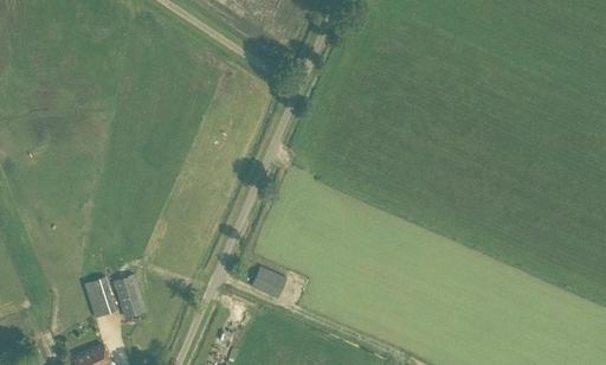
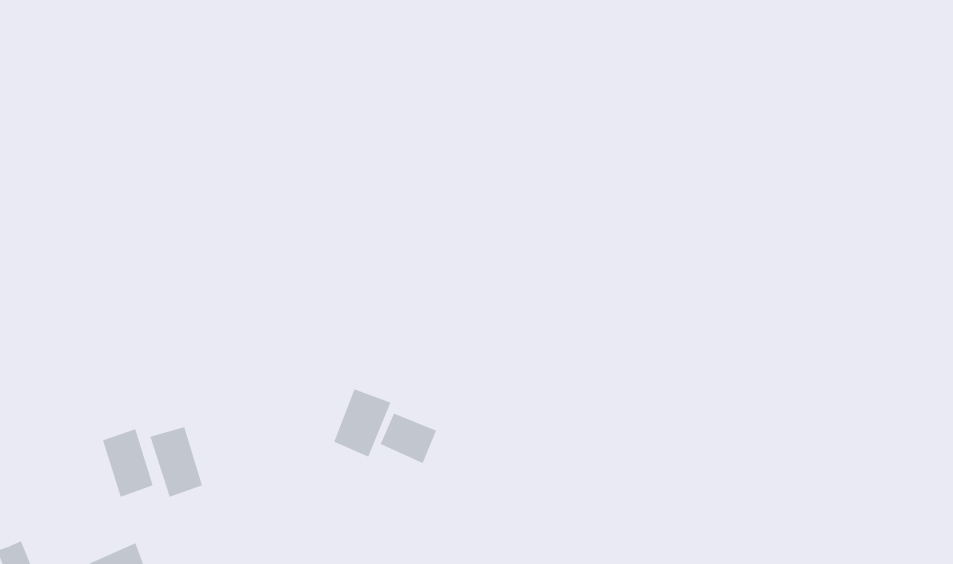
building: none -> [334,389,391,457]

